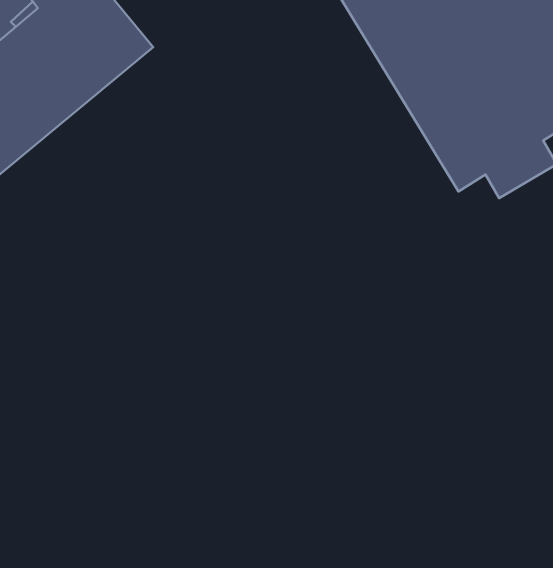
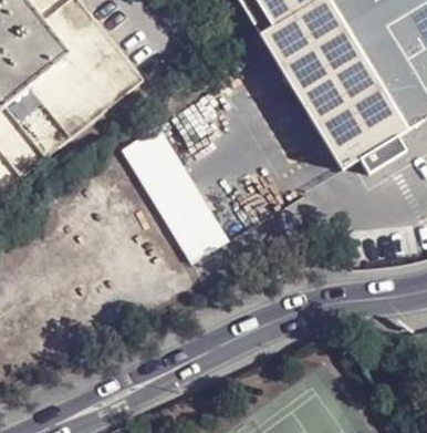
building: none -> [123,127,222,267]

